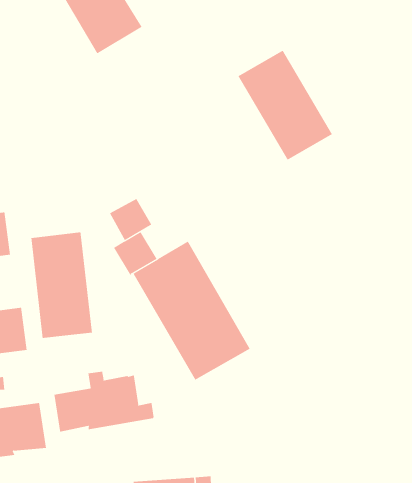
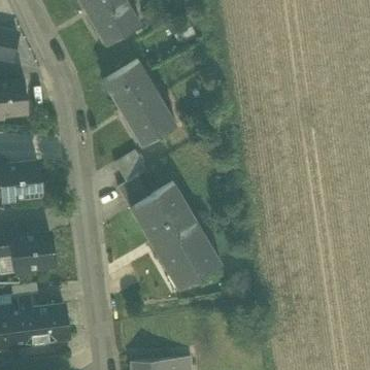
building: [237,50,333,161] -> [104,62,175,144]
building: [31,232,93,339] -> none
building: [54,371,154,433] -> none

